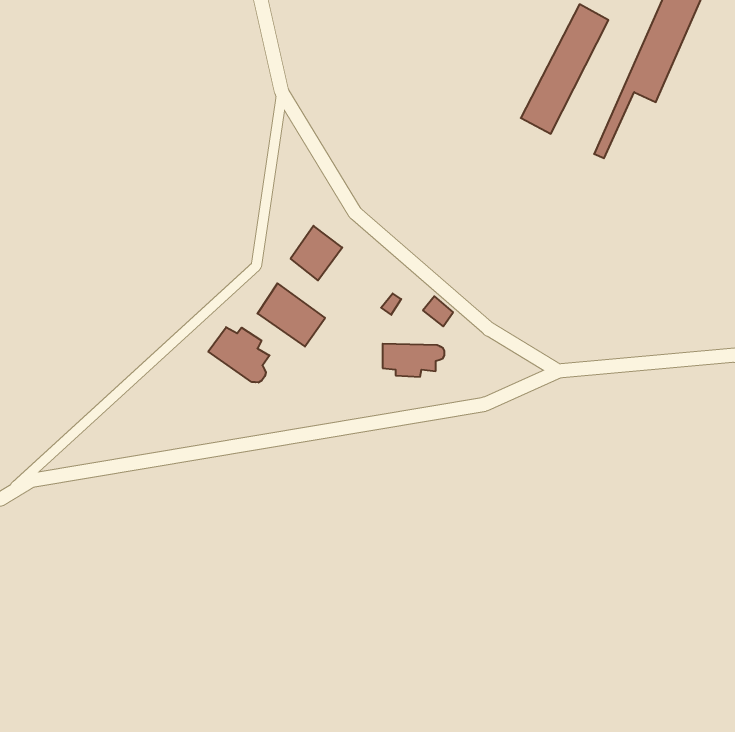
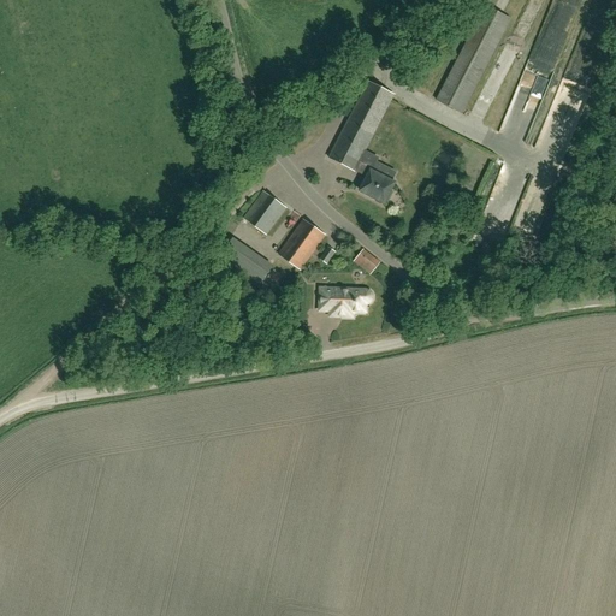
building: none -> [328,79,395,201]
building: none -> [279,219,325,268]
building: [208,327,270,383] -> none

